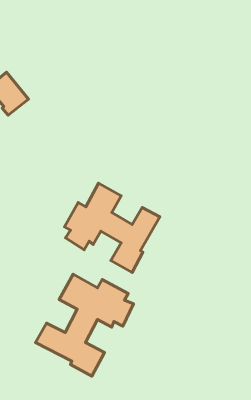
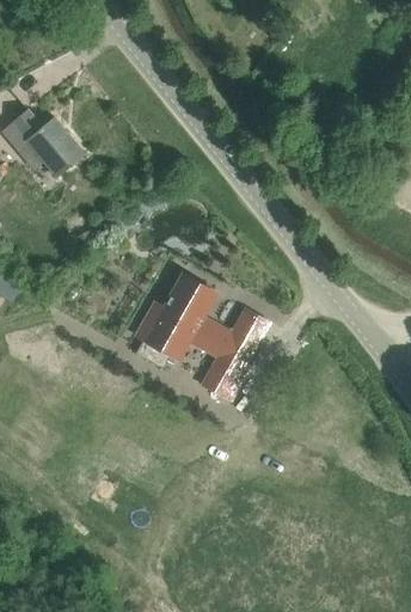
building: [36,274,133,376] -> none

